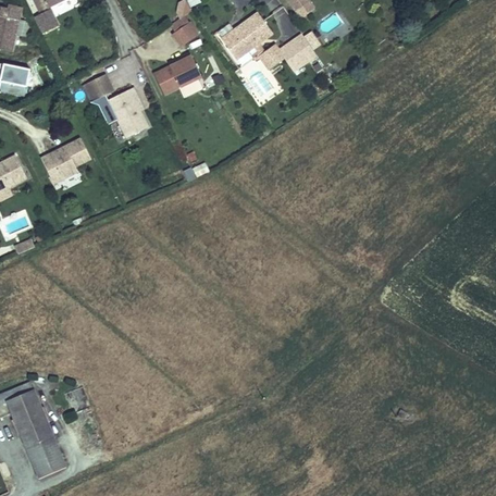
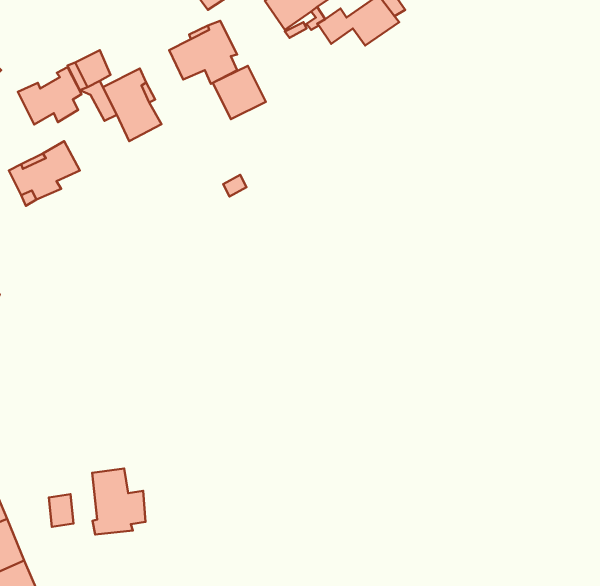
building: none -> [213,66,266,119]
building: none -> [18,67,82,125]
building: none -> [92,469,146,534]

